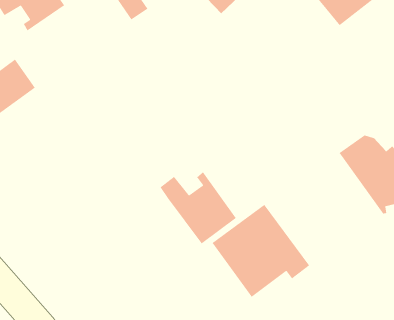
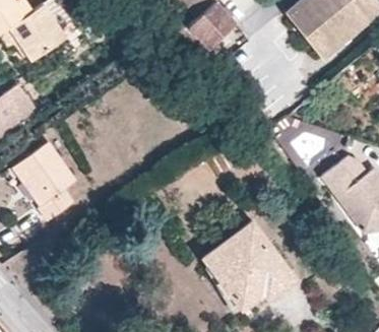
building: none -> [15,144,75,222]
building: [160,171,237,244] -> none

